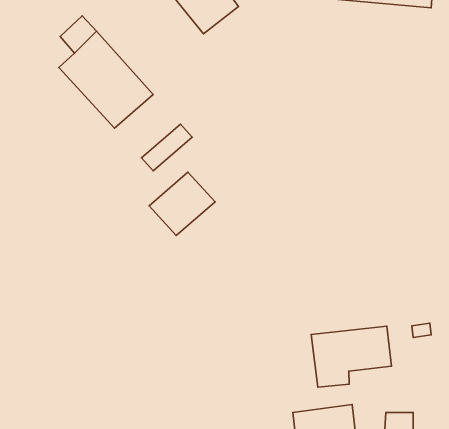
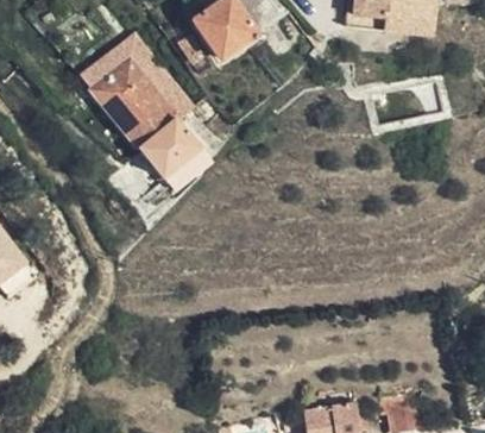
building: [149,172,215,235] -> [140,114,201,172]
building: [311,326,392,387] -> none

